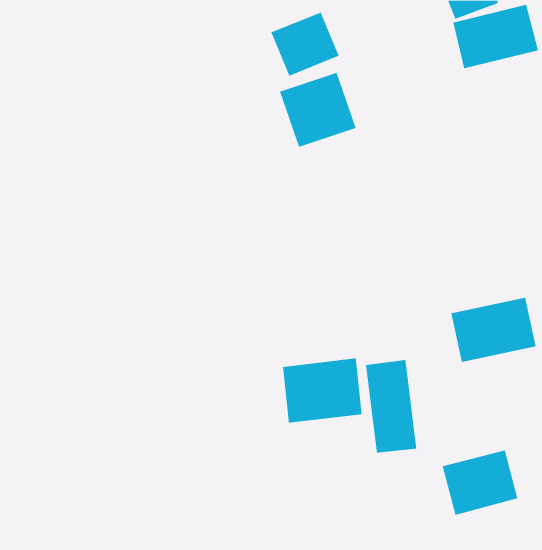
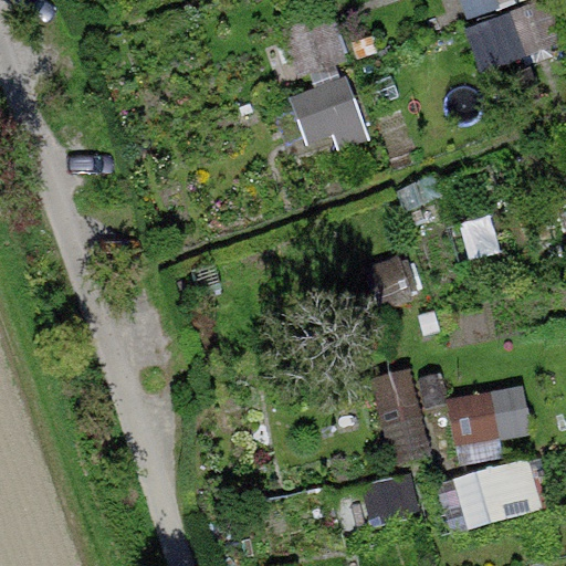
building: [450,297,537,363] -> [447,380,535,448]
building: [282,357,362,424] -> none

